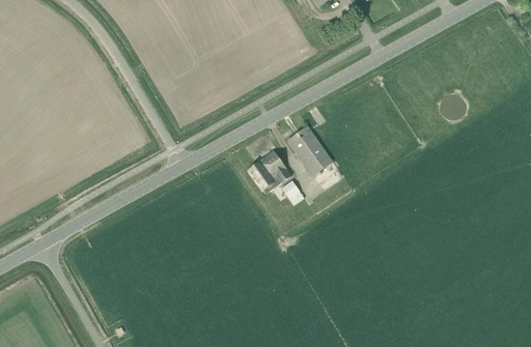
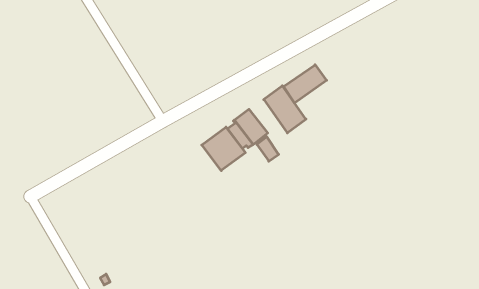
building: none -> [284,65,327,103]
building: none -> [202,127,245,171]

